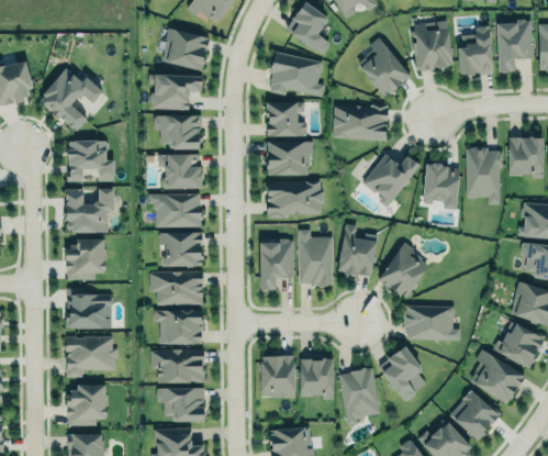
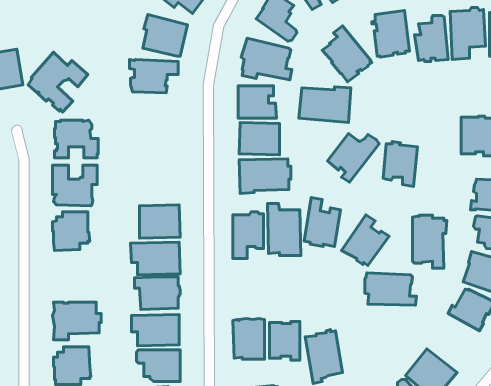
building: [154,115,201,149] -> none
building: [466,147,503,204] -> [412,215,447,268]
building: [158,154,202,188] -> none
building: [148,193,201,229] -> none
building: [66,288,113,327] -> none
building: [379,346,422,401] -> none
building: [470,348,525,403] -> none

